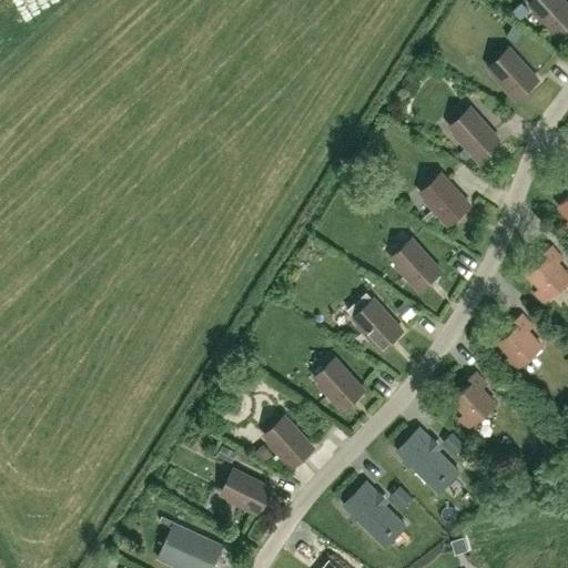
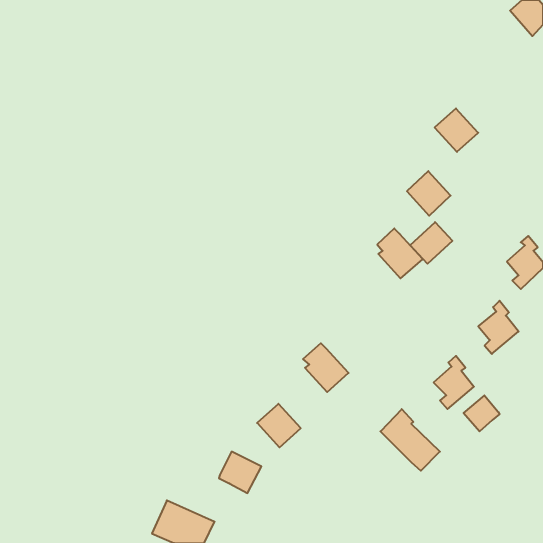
building: [493,54,538,100] -> none
building: none -> [410,222,452,264]
building: [357,304,403,351] -> none
building: none -> [464,395,500,431]
building: [344,481,405,546] -> none

